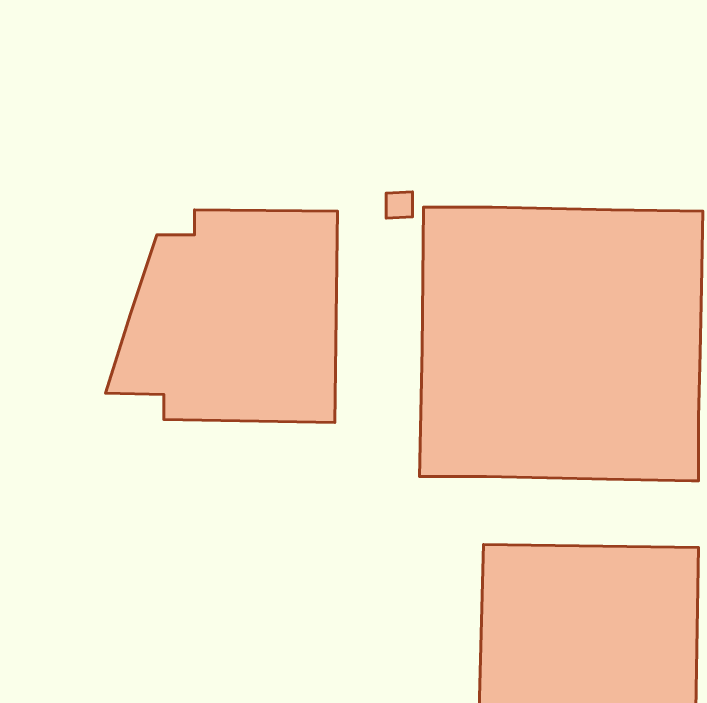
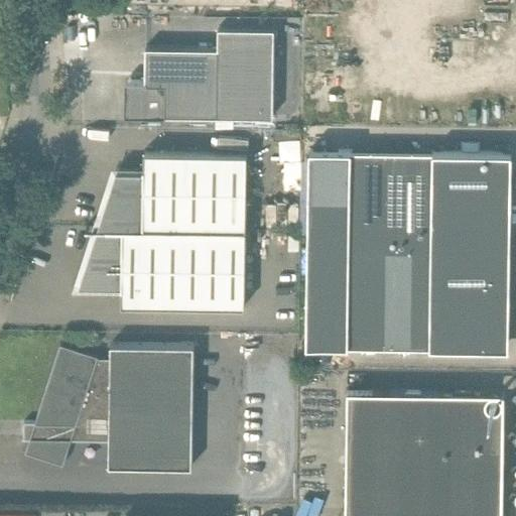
building: none -> [123,33,272,122]
building: none -> [21,348,194,472]

